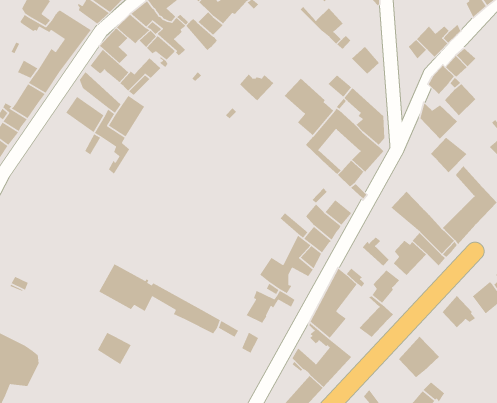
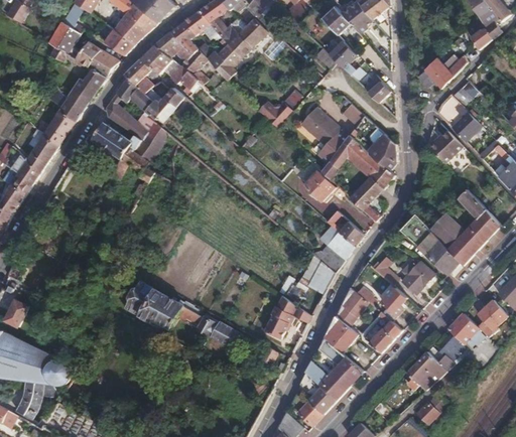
building: [430,137,468,173] -> [431,213,467,248]
building: none -> [303,170,334,200]
building: none -> [427,336,469,370]
building: [97,332,132,365] -> none

